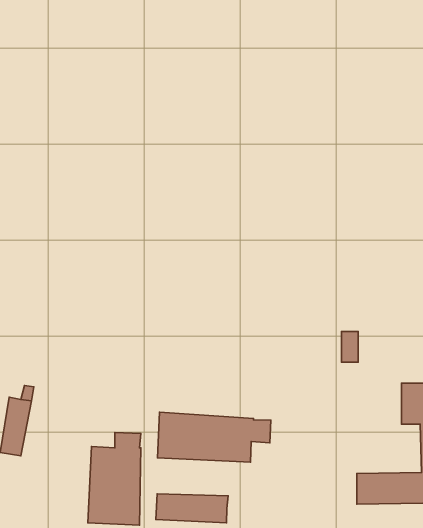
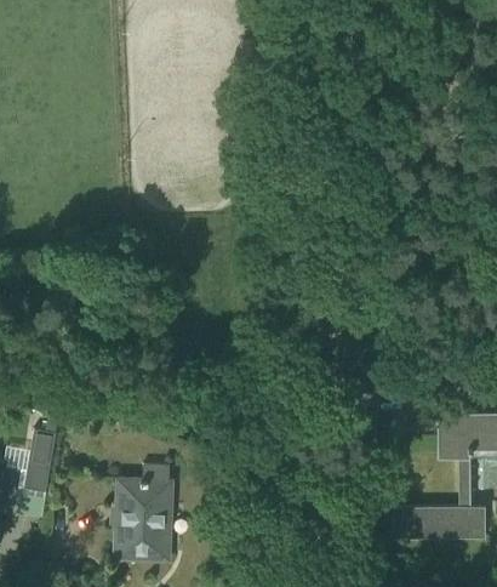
building: [157,412,271,462] -> none
building: [156,494,228,523] -> none

